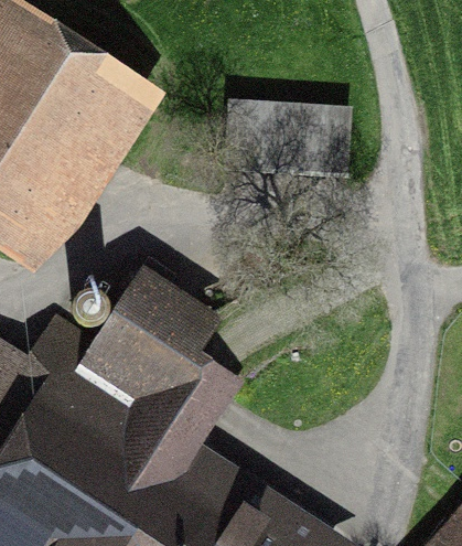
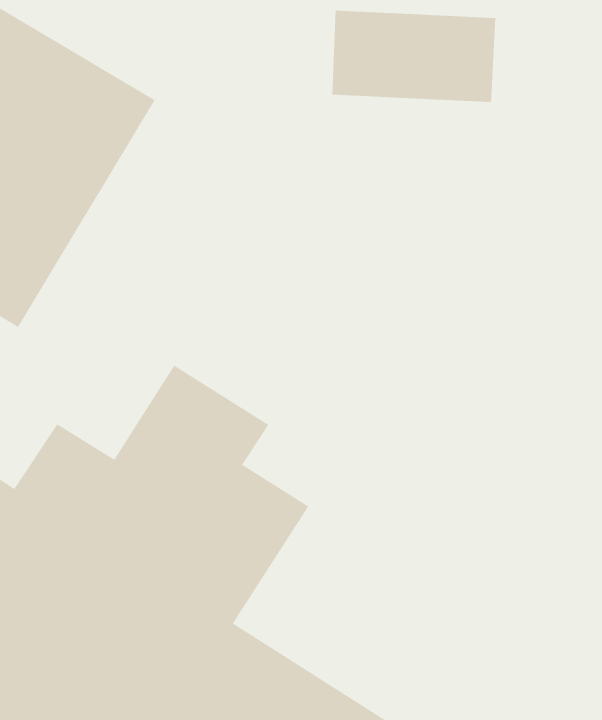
building: [230,101,348,168] -> [332,10,496,103]

